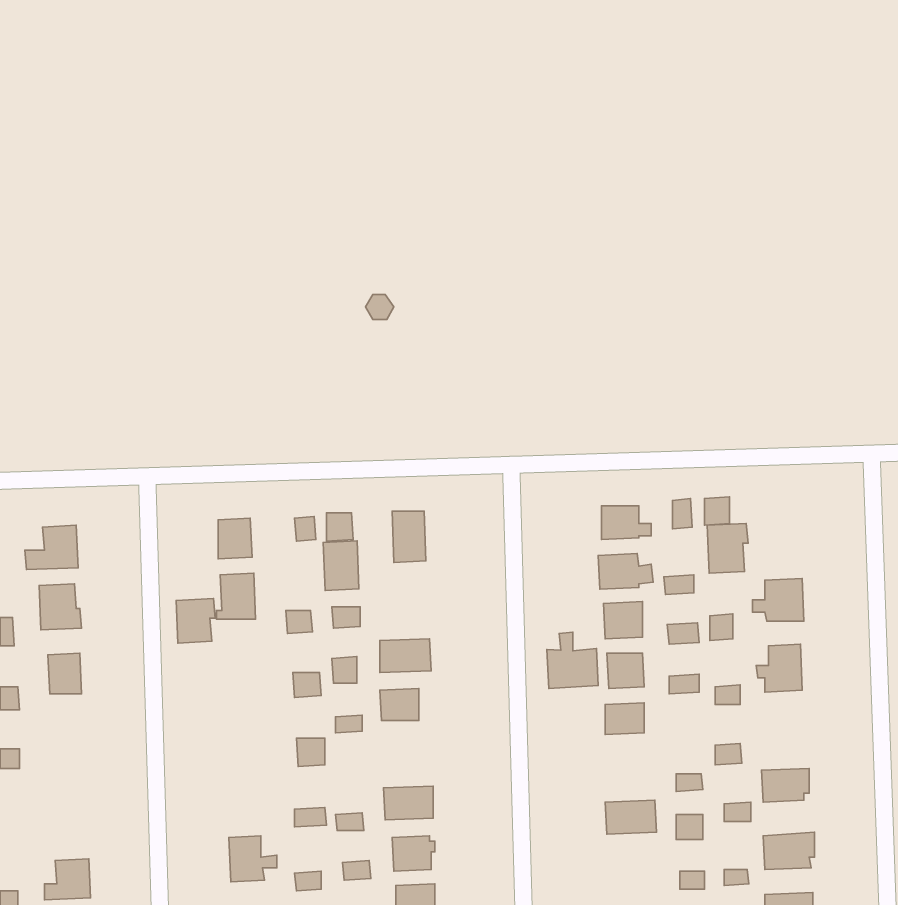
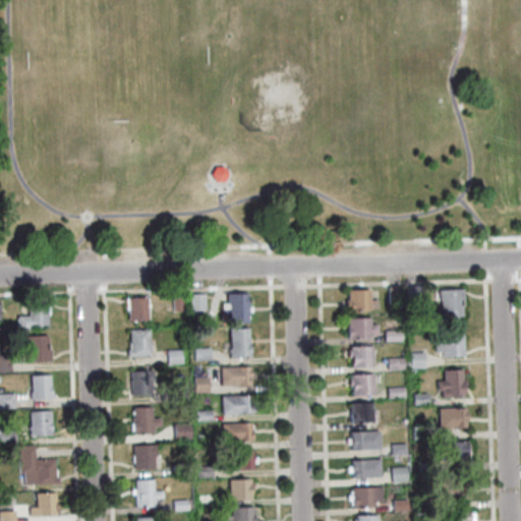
building: [707,524,748,573] -> [443,290,466,319]
building: [323,541,359,590] -> [231,329,251,357]
building: [176,599,215,643] -> [132,371,155,397]
building: [547,632,598,688] -> none
building: none -> [134,407,162,435]
building: none -> [441,407,468,429]
building: none -> [31,411,53,437]
building: none -> [223,423,252,443]
building: none -> [352,432,381,451]
building: none -> [135,446,158,469]
building: none -> [20,447,59,486]
building: none -> [353,487,383,508]

